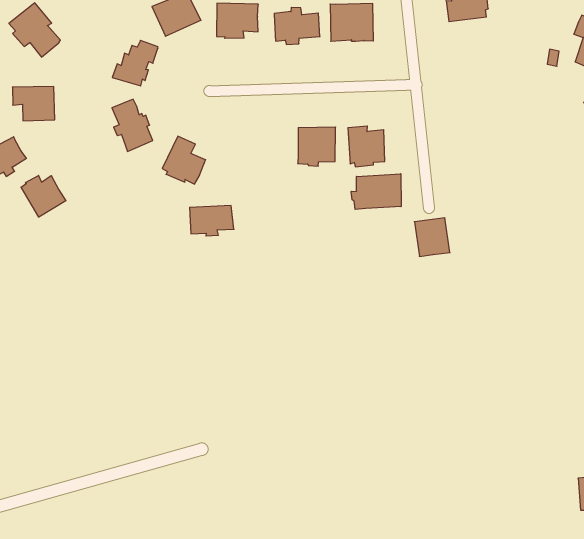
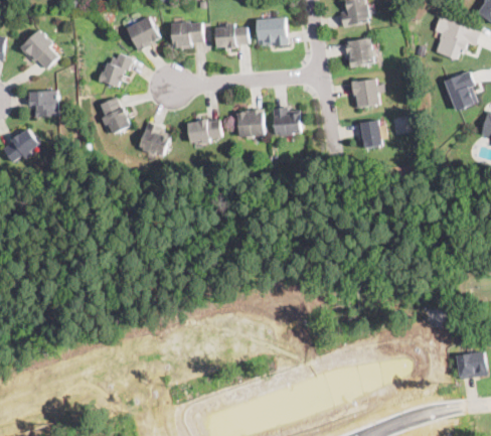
building: none -> [344,37,374,66]
building: none -> [350,79,384,109]
building: [351,174,401,209] -> none
building: [21,175,66,217] -> none
building: [190,206,234,236] -> [188,120,221,143]
building: [414,218,450,256] -> [356,120,383,149]

